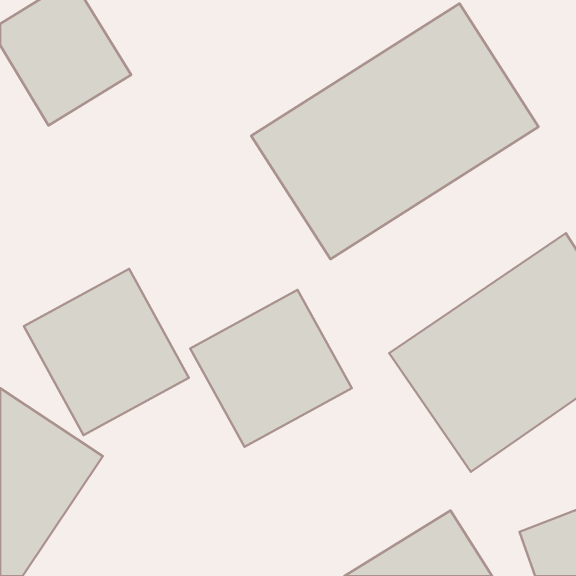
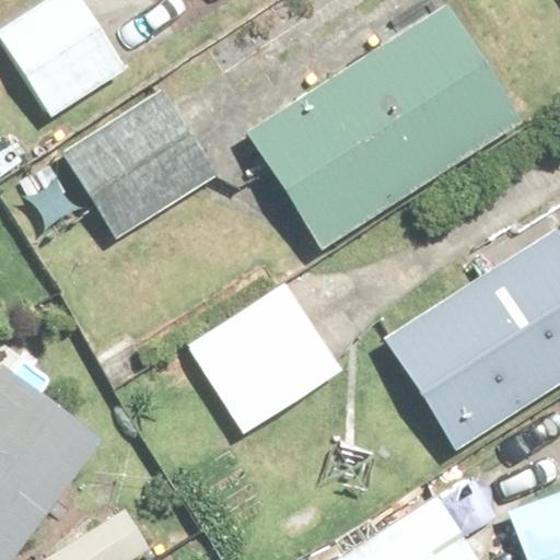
building: none -> [61,88,217,235]
building: [24,269,189,435] -> none

